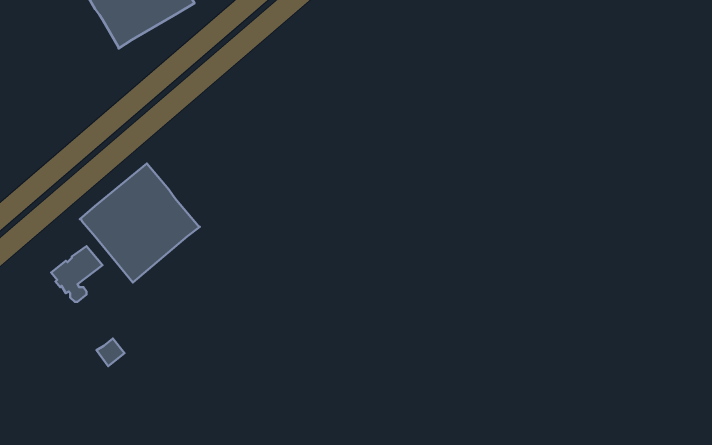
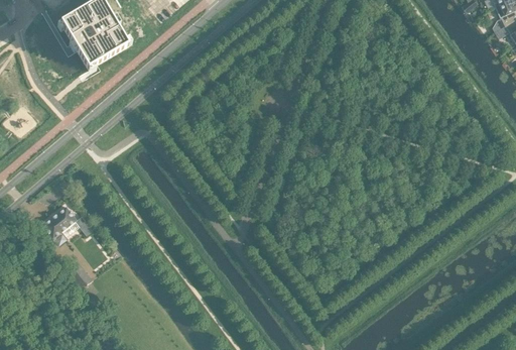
building: [80,163,200,282] -> none

